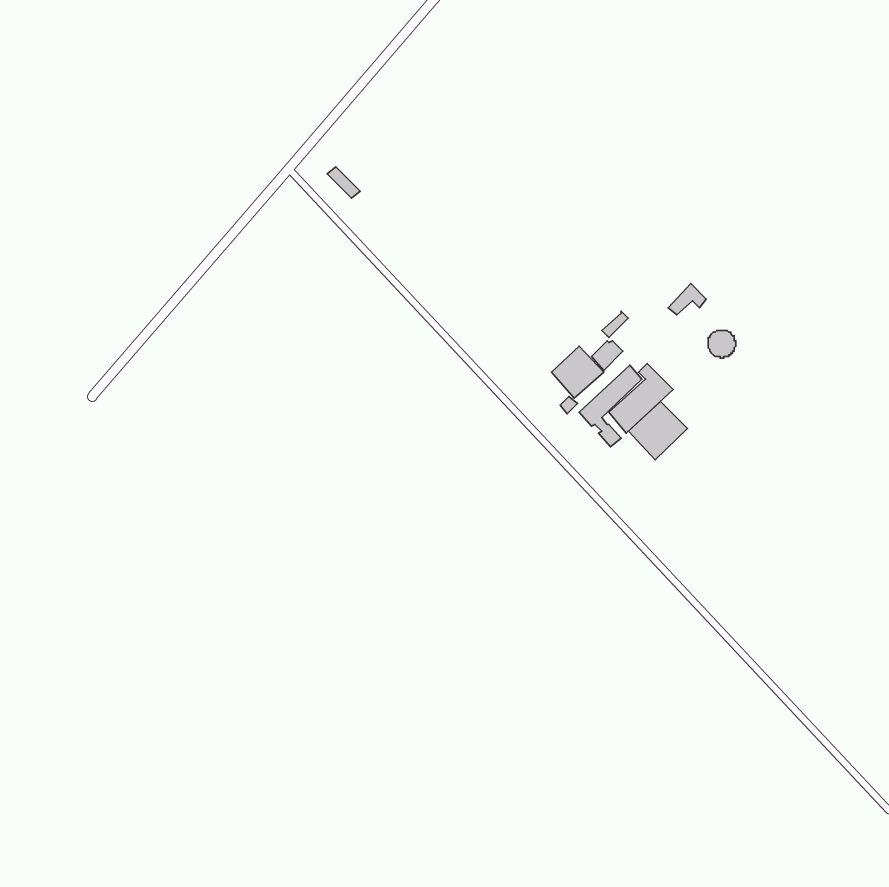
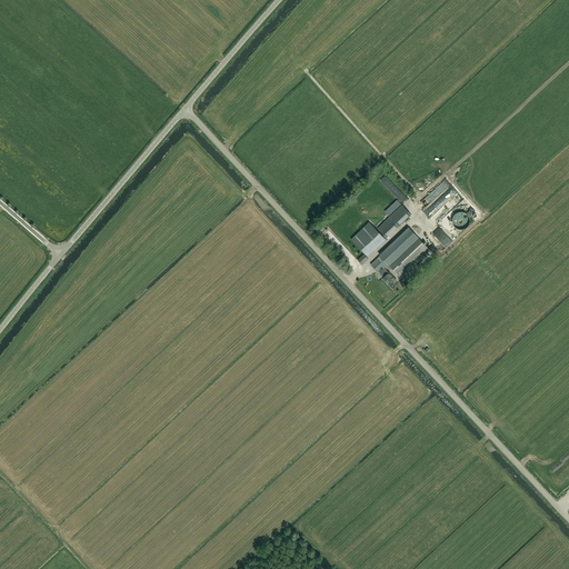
building: [628,401,688,460] -> none

